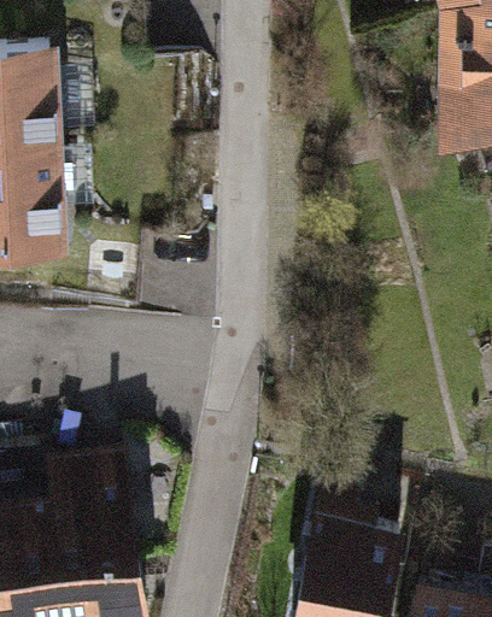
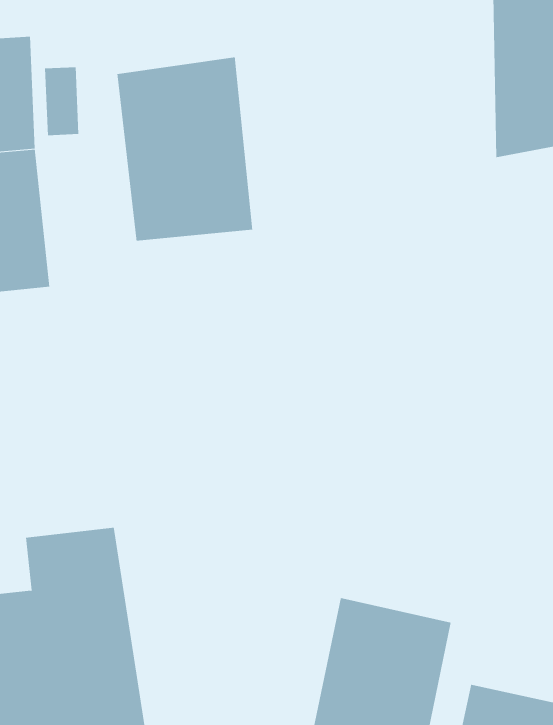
building: none -> [117,57,253,241]

